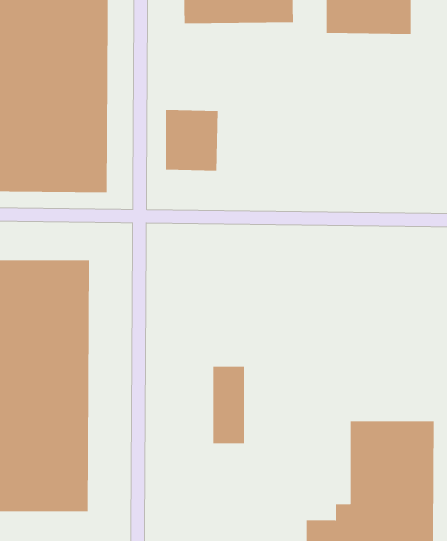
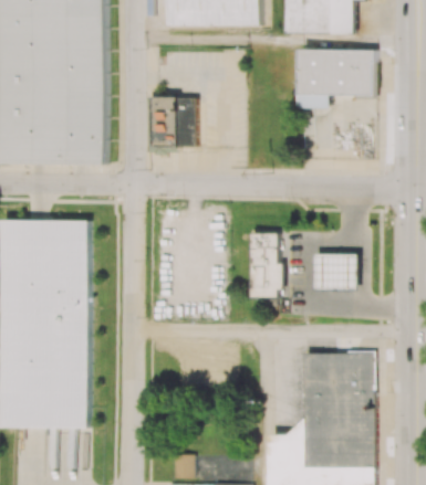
building: none -> [300,48,374,107]
building: none -> [315,253,359,288]
building: [213,366,245,444] -> [253,232,280,296]

